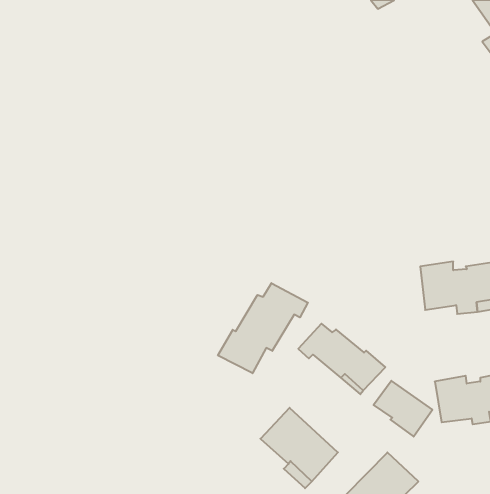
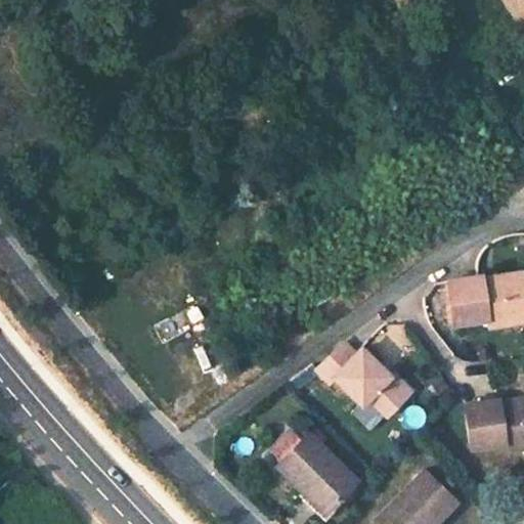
building: [218,283,308,373] -> none
building: [374,381,432,437] -> none

